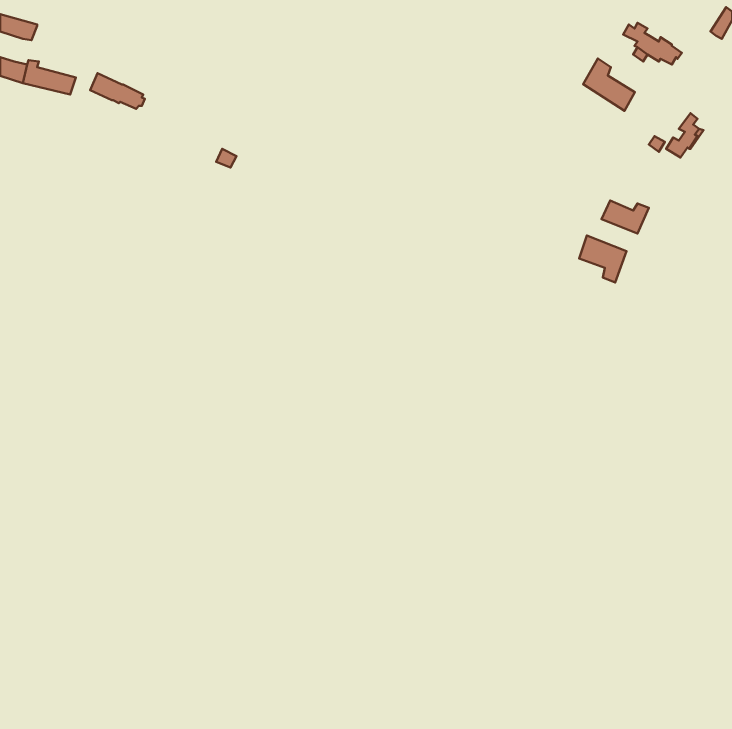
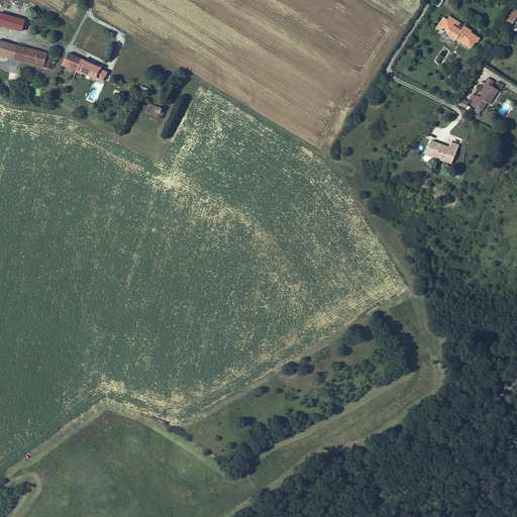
building: [583,59,635,111] -> none
building: [579,235,626,283] -> none

